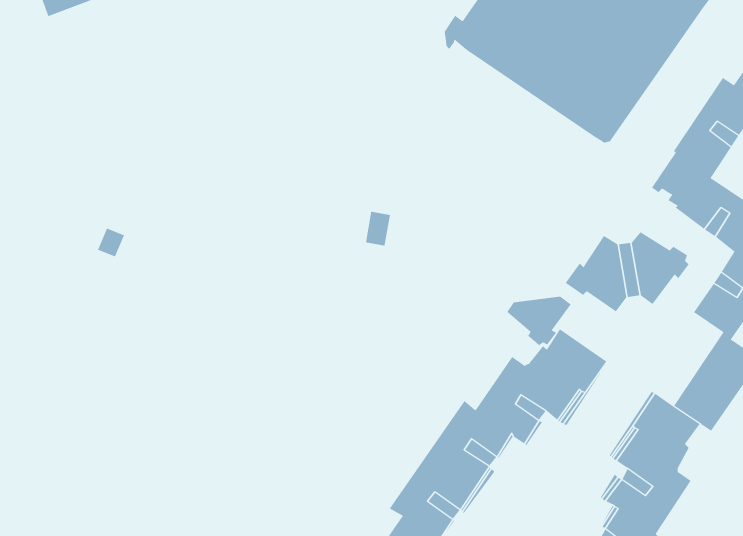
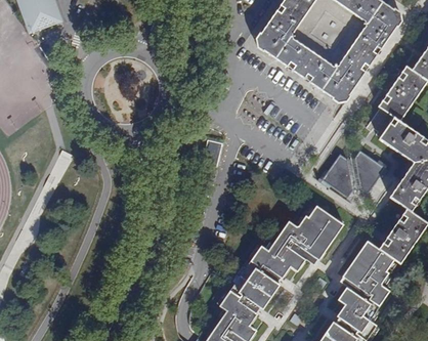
building: [507,296,571,346] -> none

